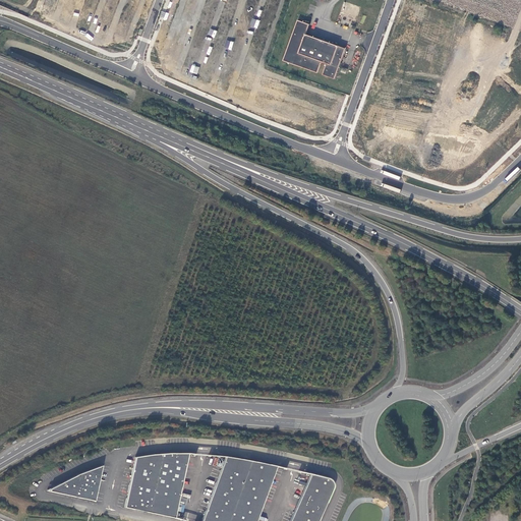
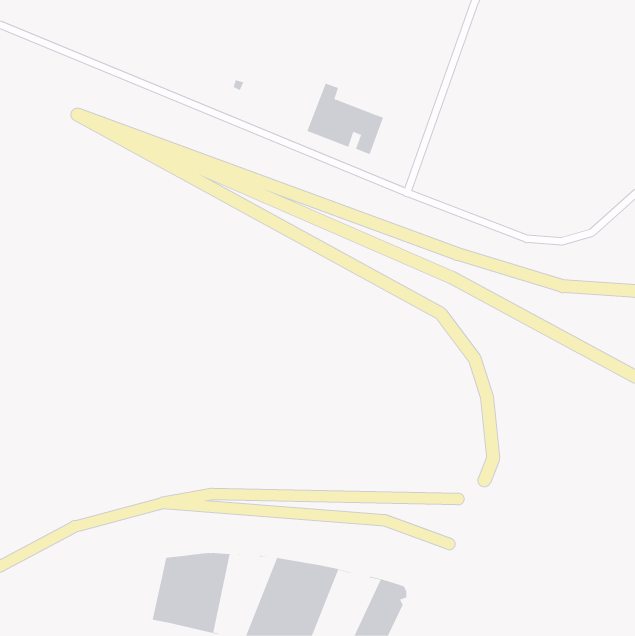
building: [284,21,347,80] -> [307,83,384,155]
building: [48,466,103,501] -> none

